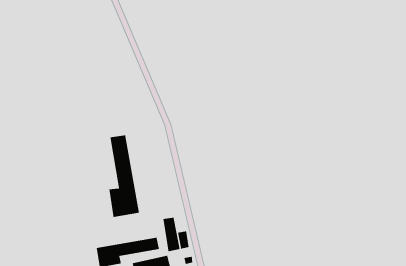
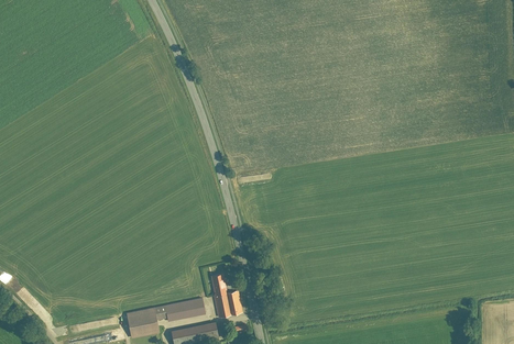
building: [109,135,140,218] -> none

